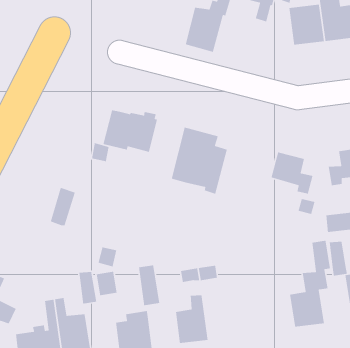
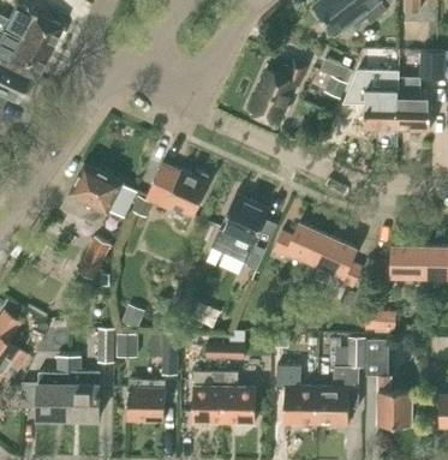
building: none -> [60,165,136,226]
building: none -> [273,222,328,262]
building: none -> [270,335,316,423]
building: none -> [223,372,255,423]

